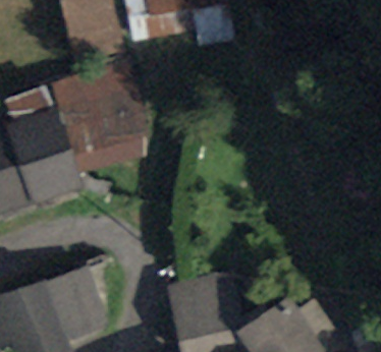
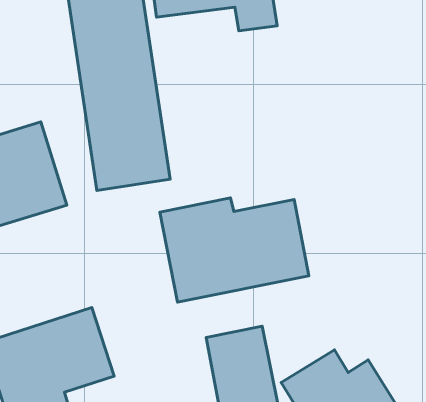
building: none -> [160,198,309,302]

